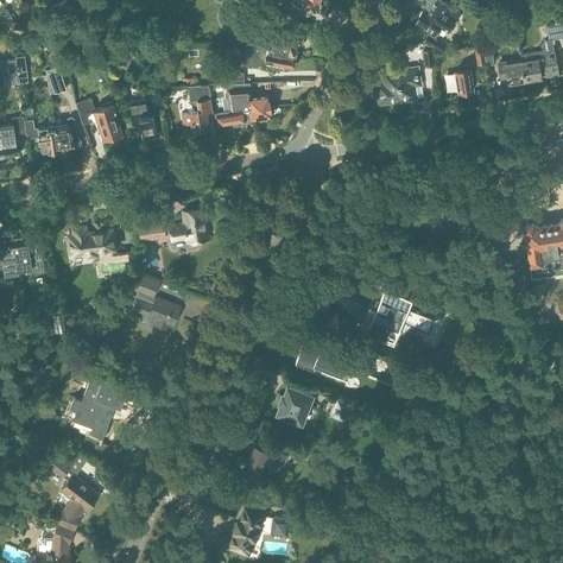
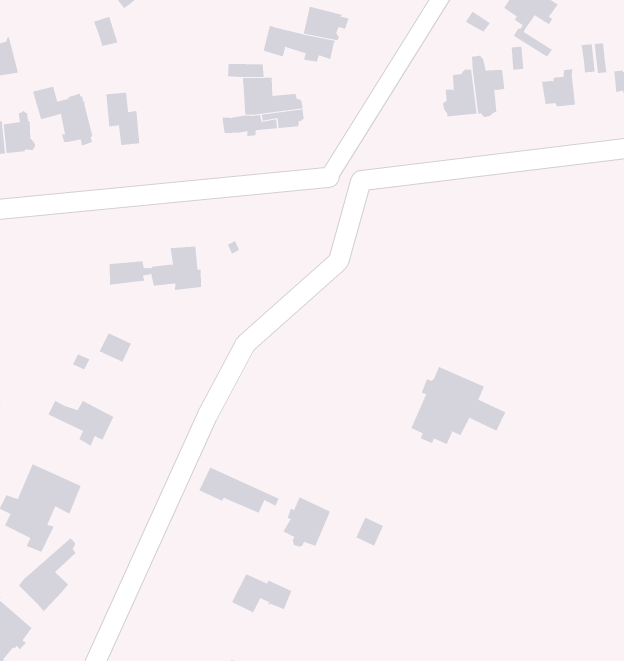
building: [182,86,210,132] -> none
building: [69,228,115,258] -> none
building: [132,298,181,331] -> [47,400,114,446]
building: [297,341,356,373] -> [199,467,280,514]
building: none -> [18,537,76,612]

